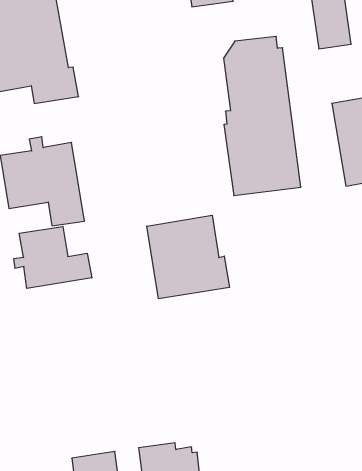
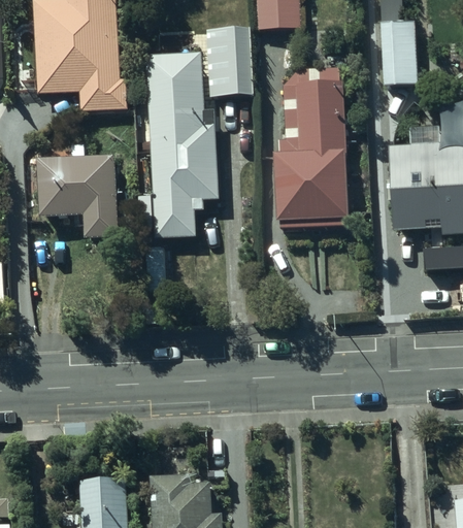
building: none -> [147,28,250,237]
building: [147,215,229,299] -> none
building: [14,226,92,288] -> none

